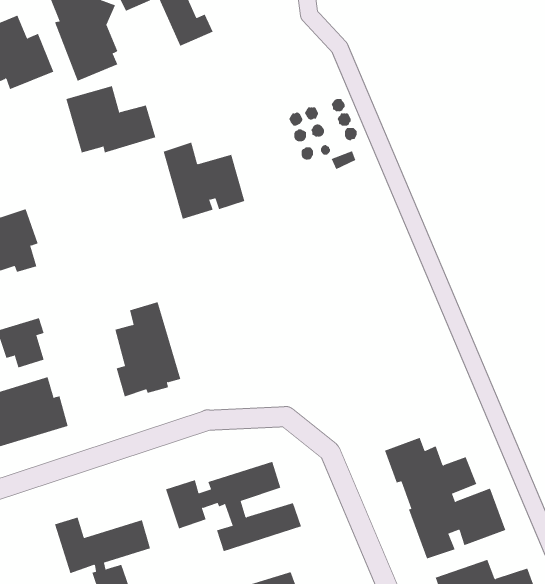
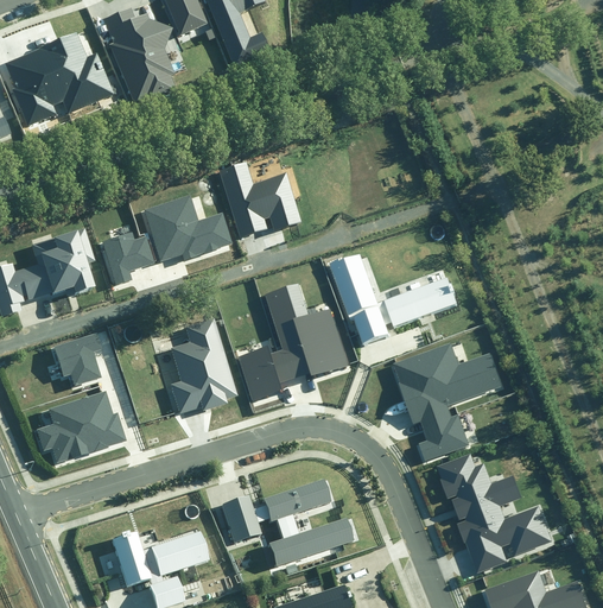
building: [65,85,156,153] -> [144,195,233,261]
building: none -> [99,232,152,285]
building: none -> [326,251,453,342]
building: none -> [240,284,348,398]
building: none -> [391,344,503,462]

